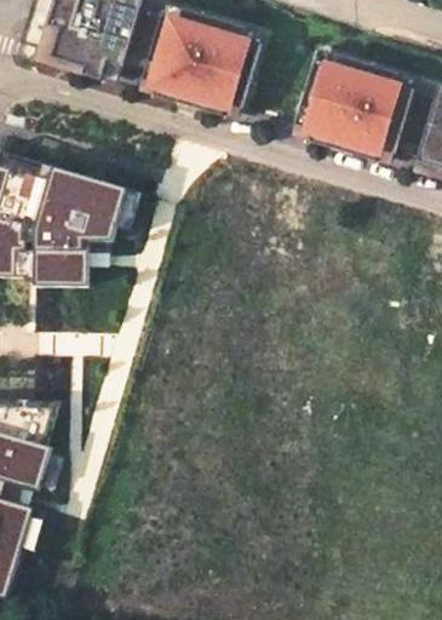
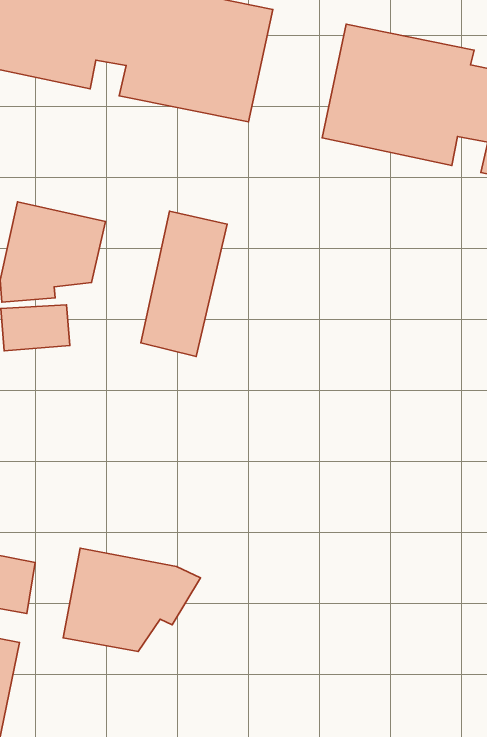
building: none -> [141,211,227,357]
building: none -> [63,548,201,651]

